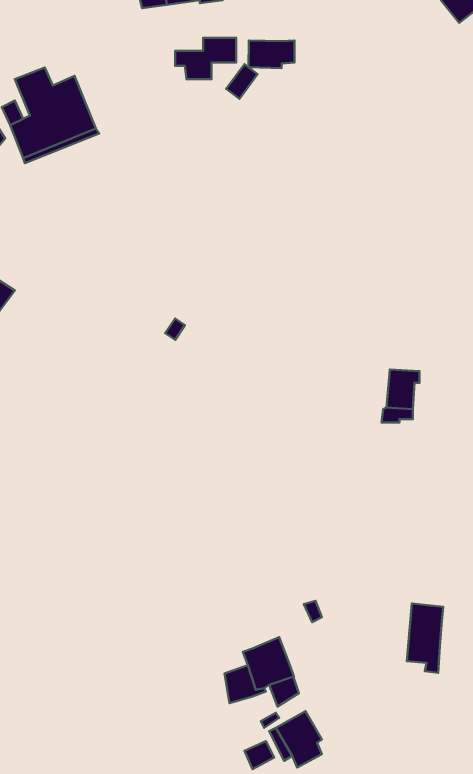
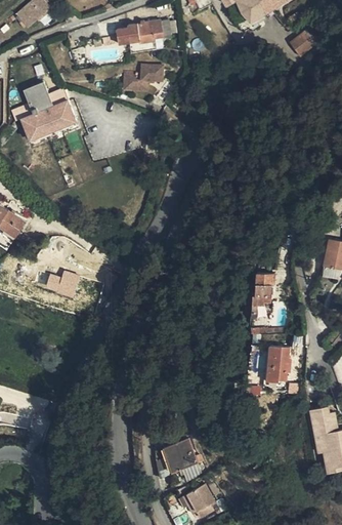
building: [249,40,295,68] -> none
building: none -> [45,271,79,298]
building: [407,603,443,673] -> [266,345,289,388]

